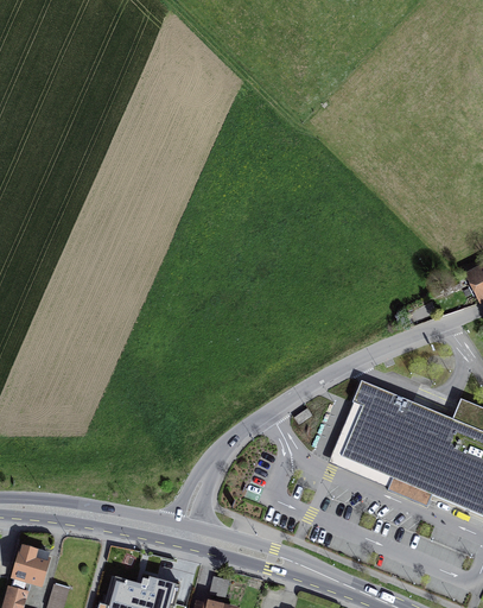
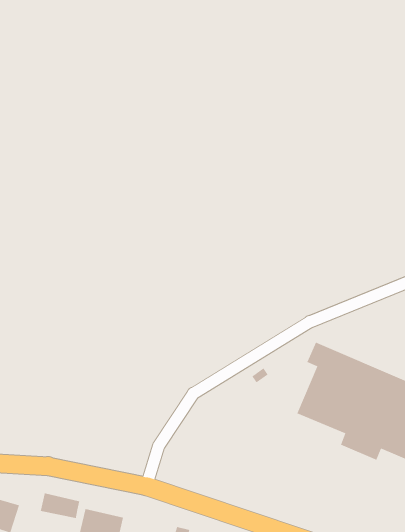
building: none -> [40,493,80,519]

